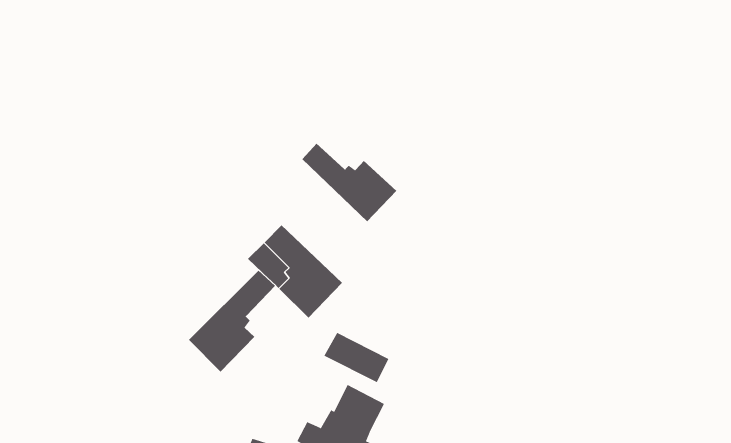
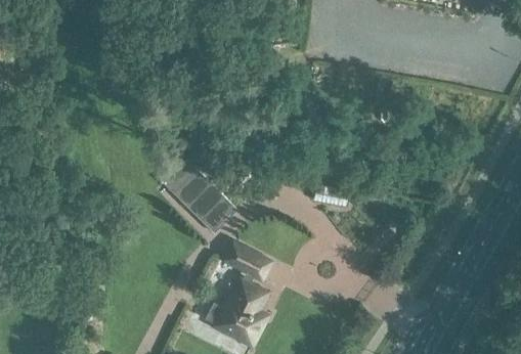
building: [302,143,397,222] -> none
building: [188,270,276,373] -> none

